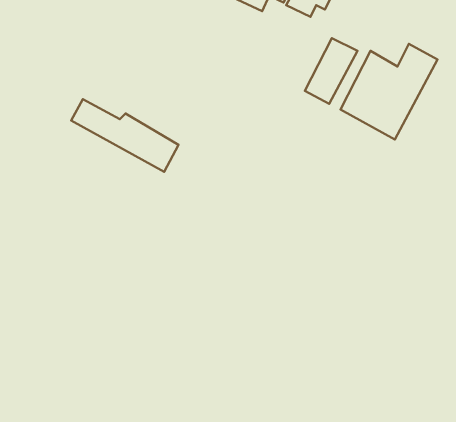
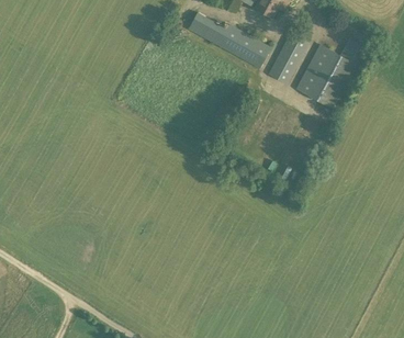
building: [71,99,178,172] -> [188,12,270,68]

